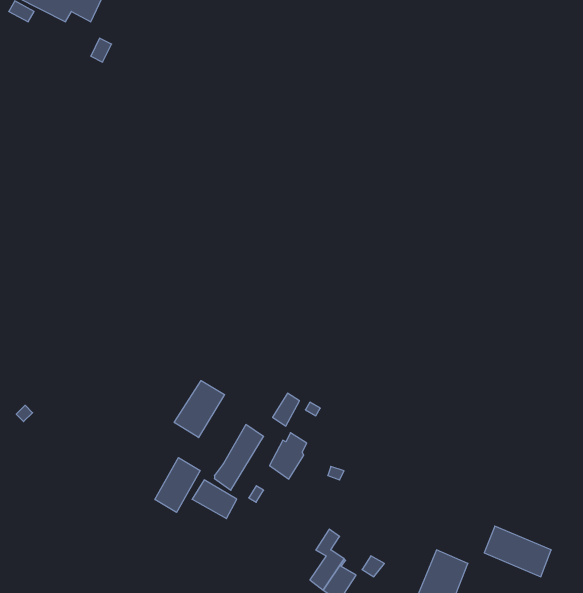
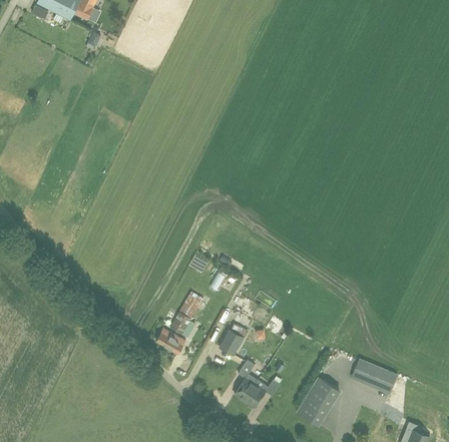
building: [174,381,225,438] -> none
building: [270,433,307,479] -> [220,323,246,354]
building: [155,458,200,512] -> none

